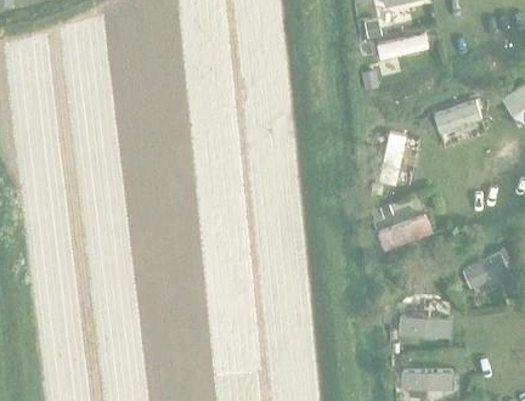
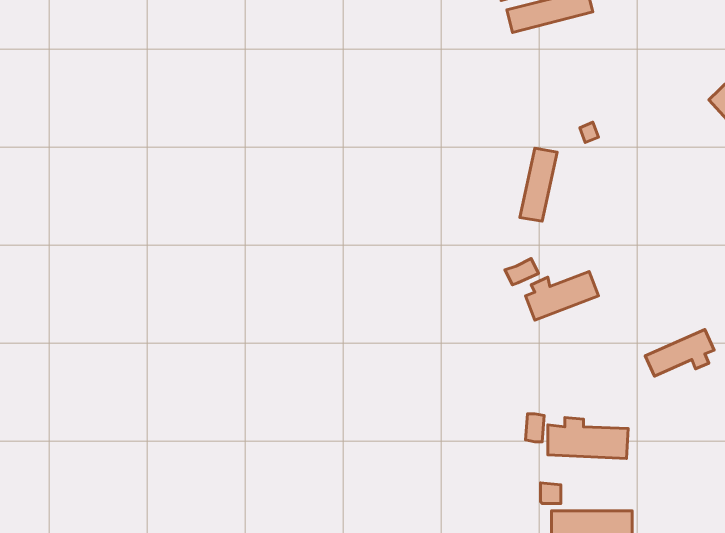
building: [433,102,480,134] -> none

